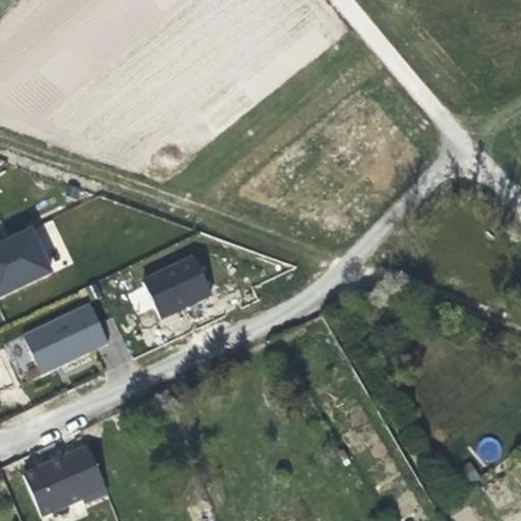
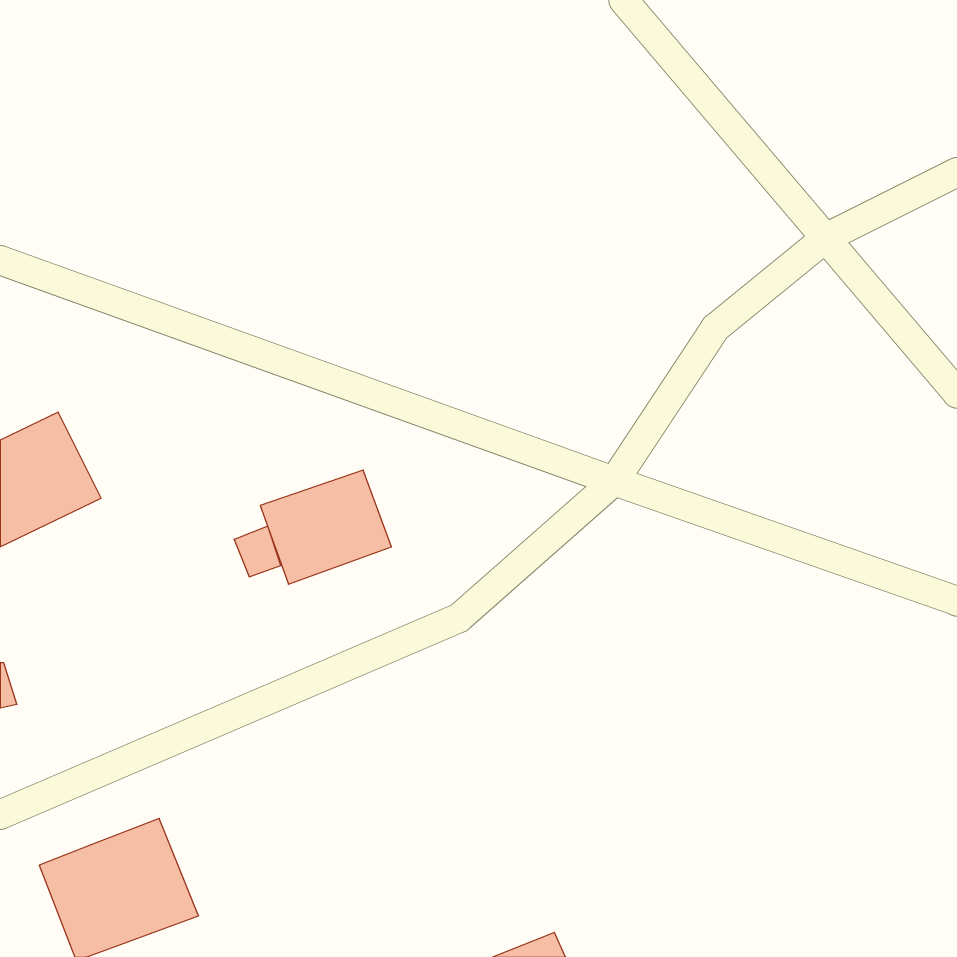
building: [21,302,108,374] -> none

